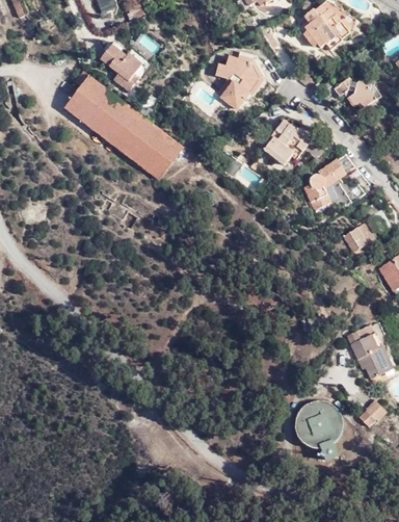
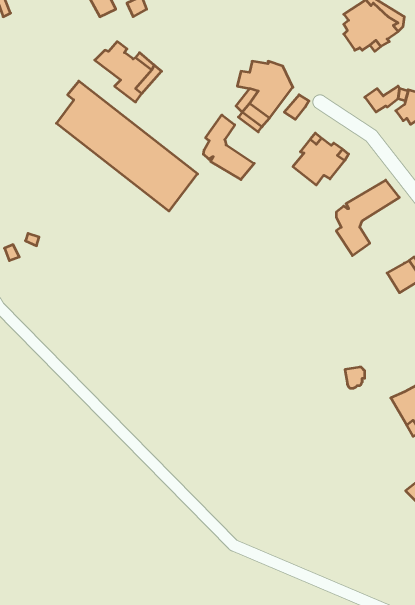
building: none -> [203,115,254,180]
building: [296,400,344,450] -> none

